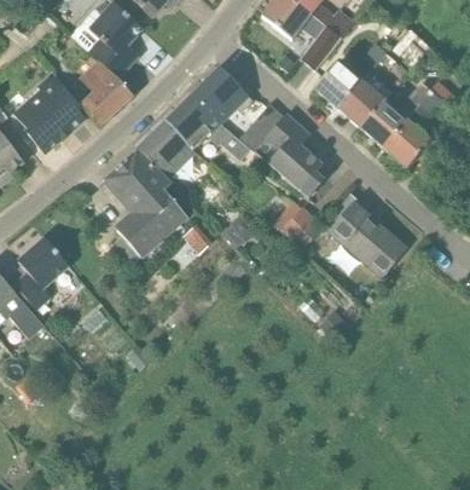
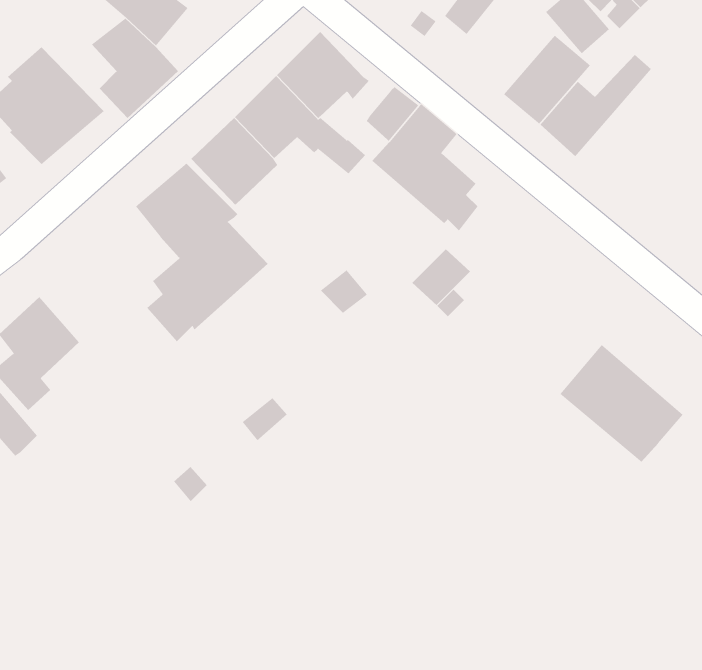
building: [314,59,361,108] -> none
building: [383,92,440,167] -> none
building: [327,201,406,276] -> [560,344,683,462]

